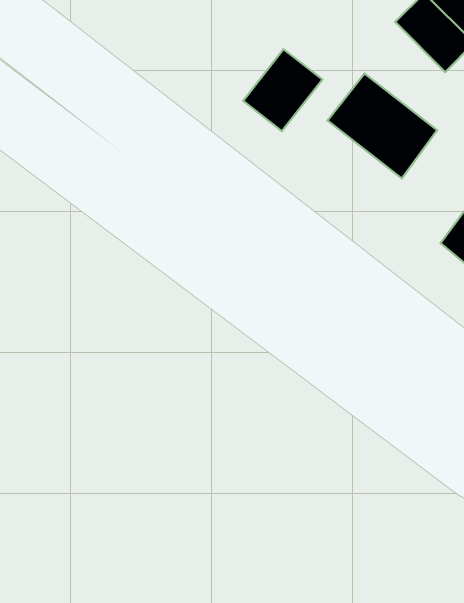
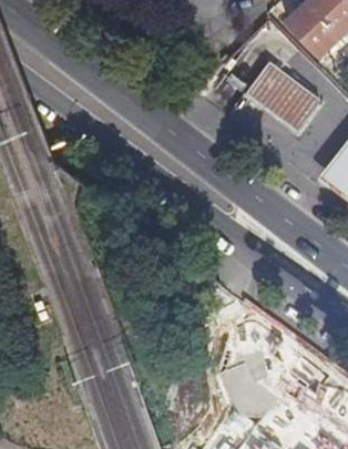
building: [243,49,322,131] -> none

